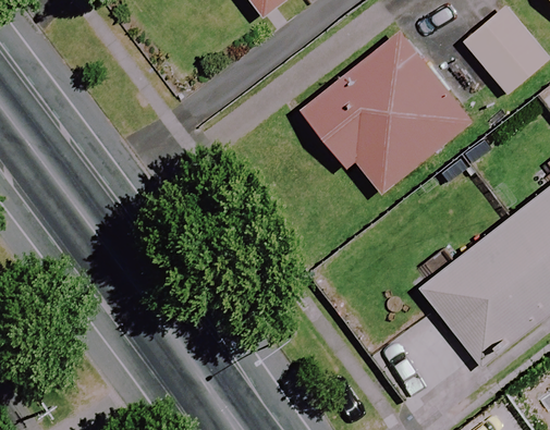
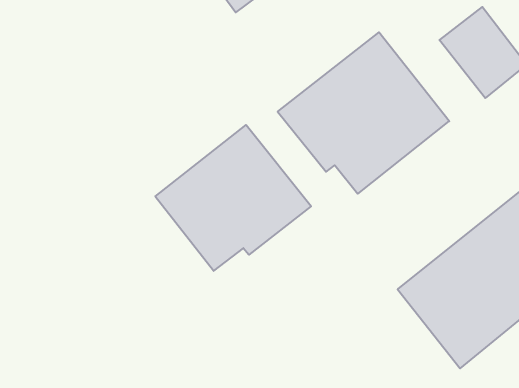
building: none -> [155,125,311,271]

